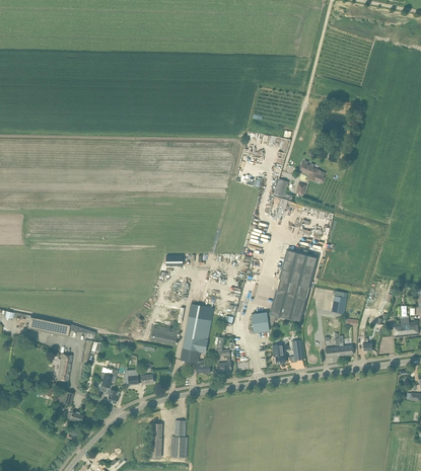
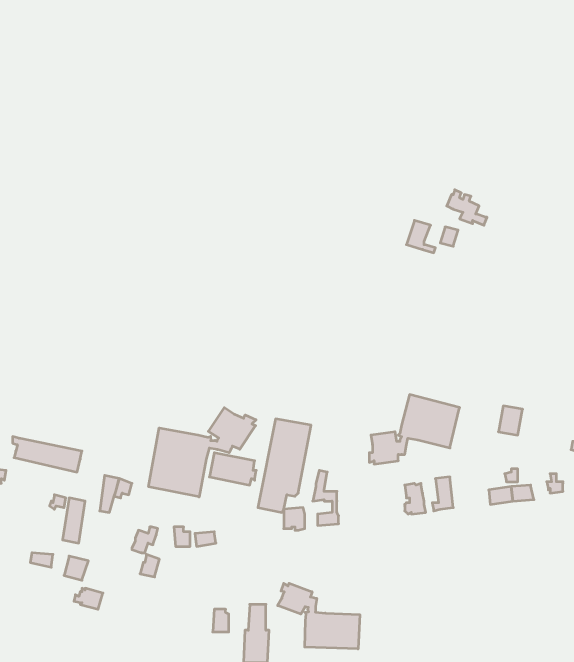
building: [275,247,318,296] -> none
building: none -> [149,408,256,497]
building: none -> [278,583,360,649]

